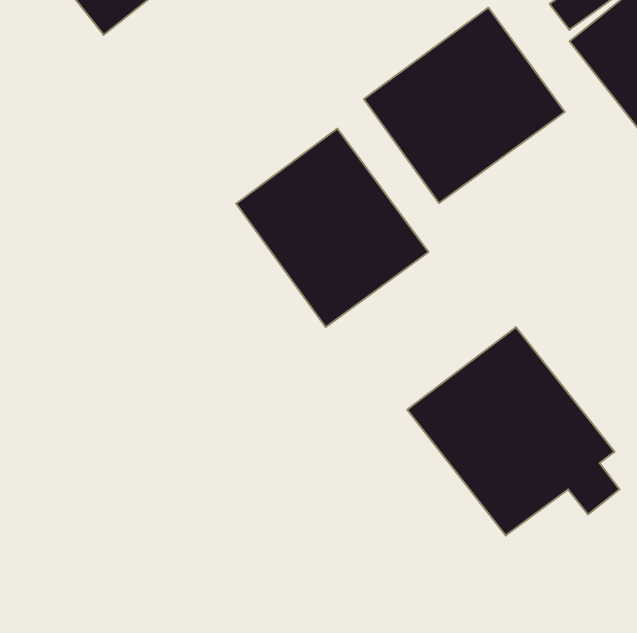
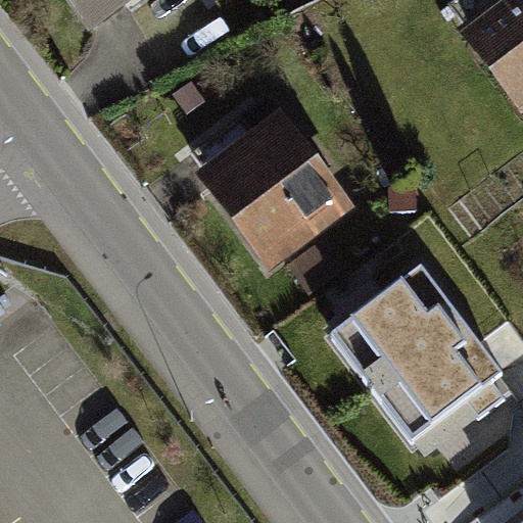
building: [364,8,565,203] -> none

